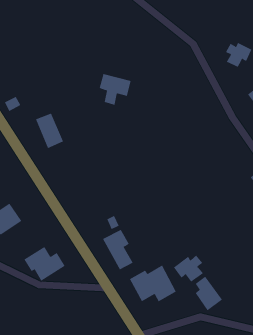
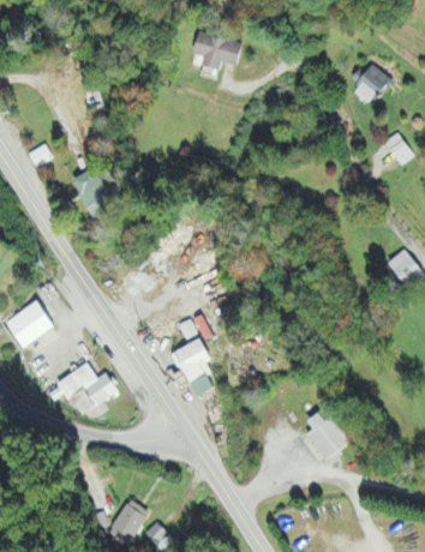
building: [99,73,132,105] -> [193,31,241,78]
building: [173,255,204,282] -> none
building: [129,264,177,302] -> none

